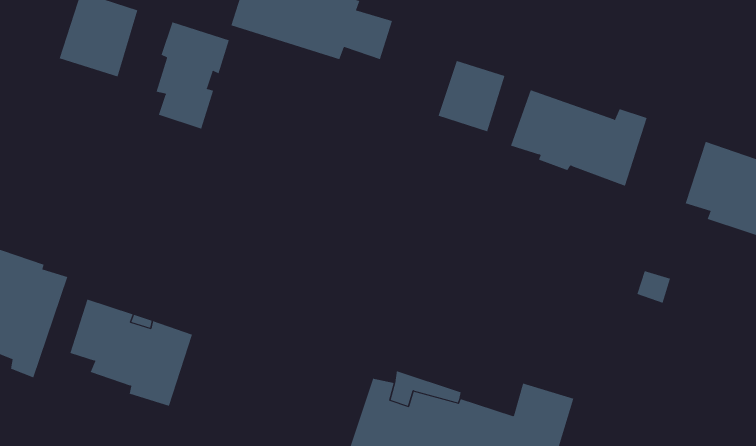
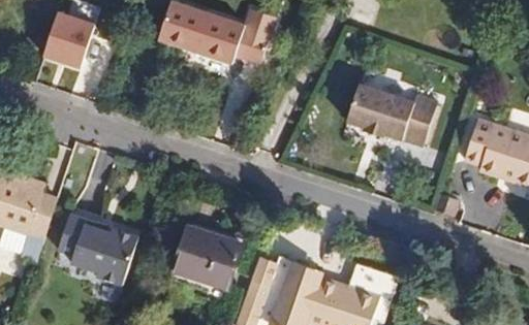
building: [156,21,229,130] -> none
building: [438,60,505,132] -> none
building: none -> [170,224,240,300]

